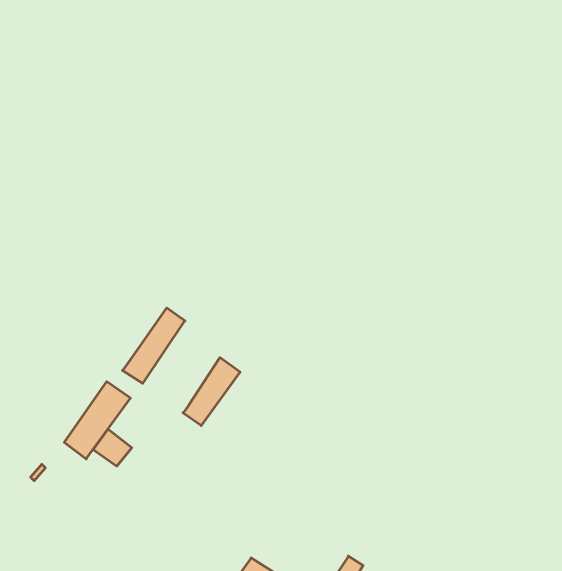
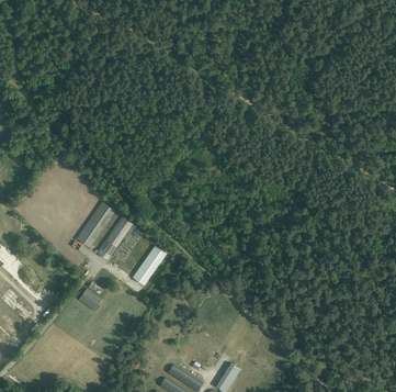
building: [64,382,130,459] -> [76,201,115,247]

